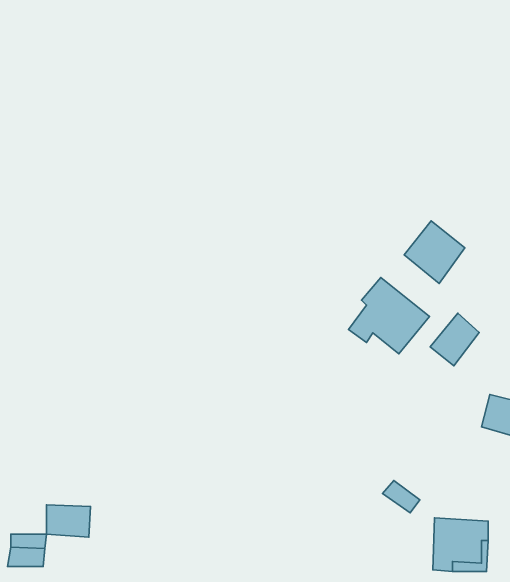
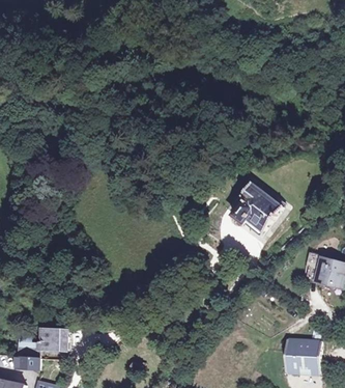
building: [404,221,465,283] -> none
building: [430,313,479,366] -> none

